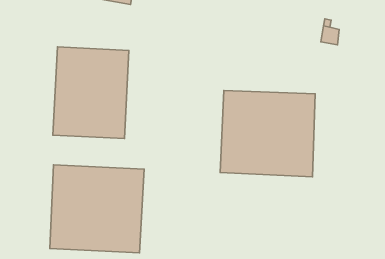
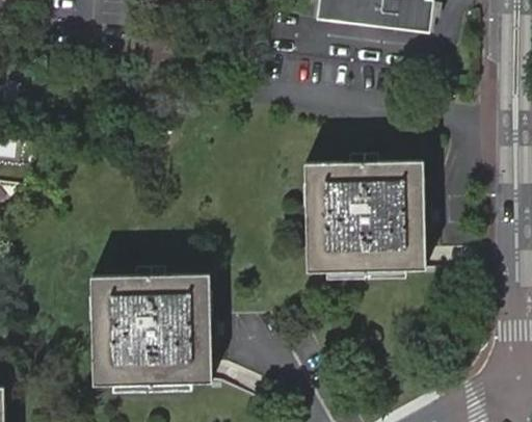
building: [53,47,129,138] -> none

